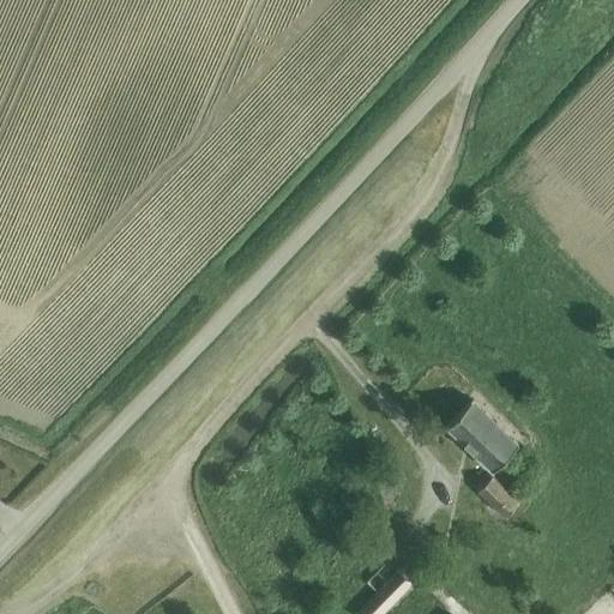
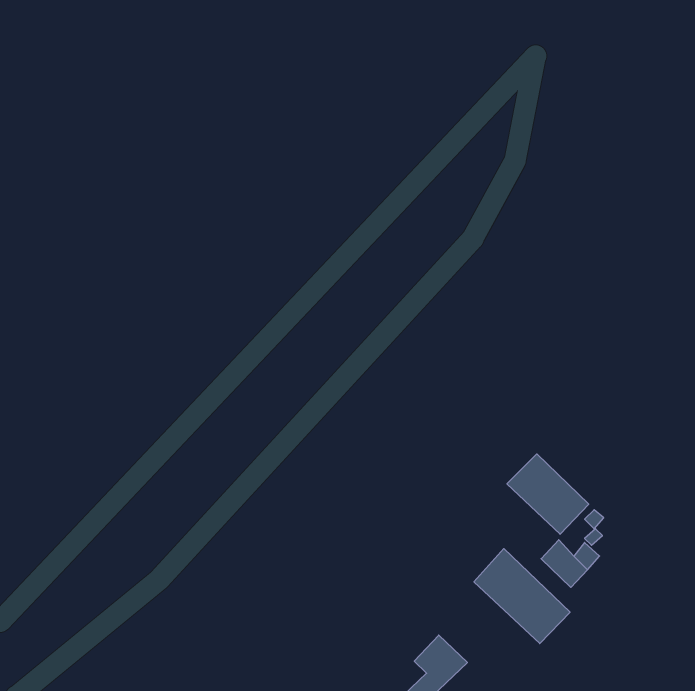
building: none -> [474,549,570,644]

